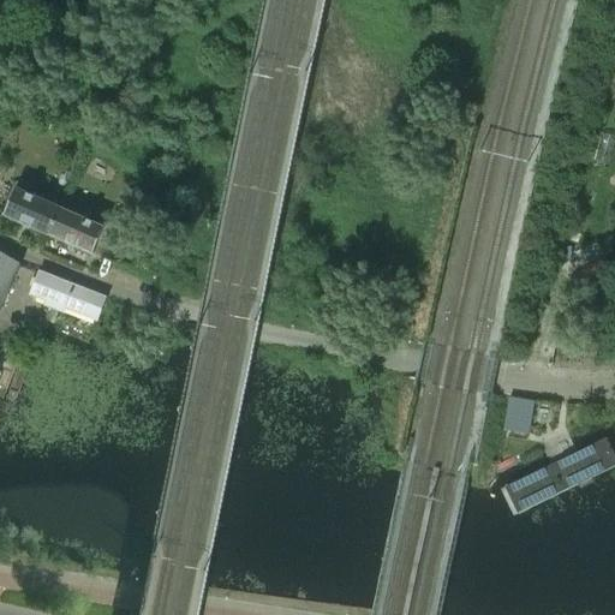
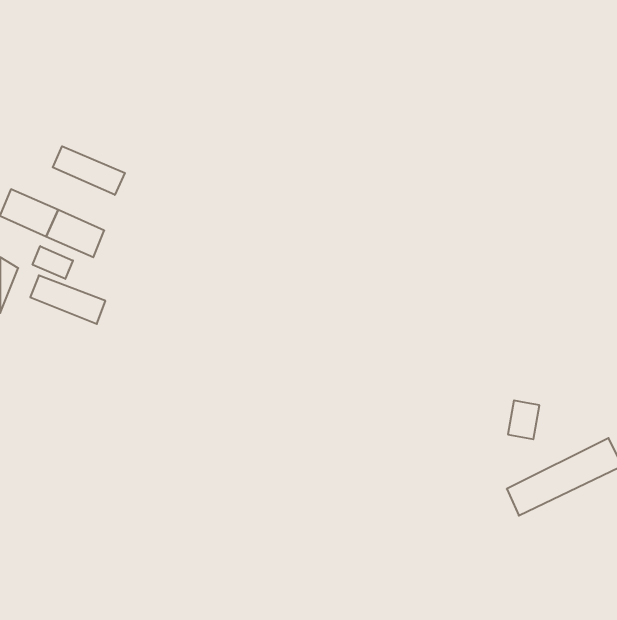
building: none -> [53,146,125,195]
building: none -> [33,246,73,279]

